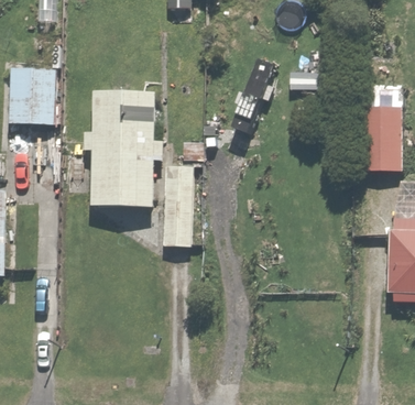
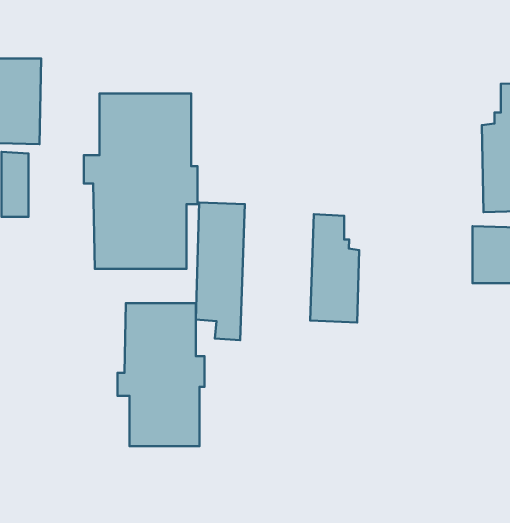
building: none -> [310,214,359,322]
building: none -> [117,303,204,446]

